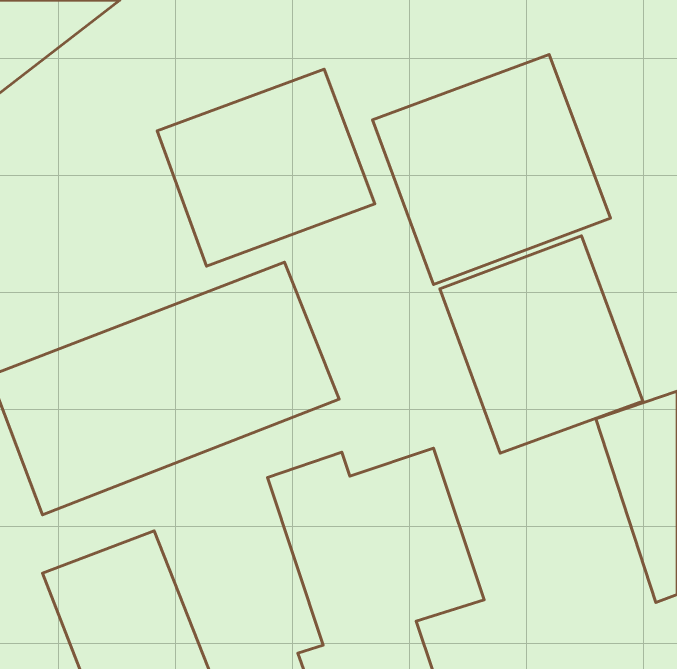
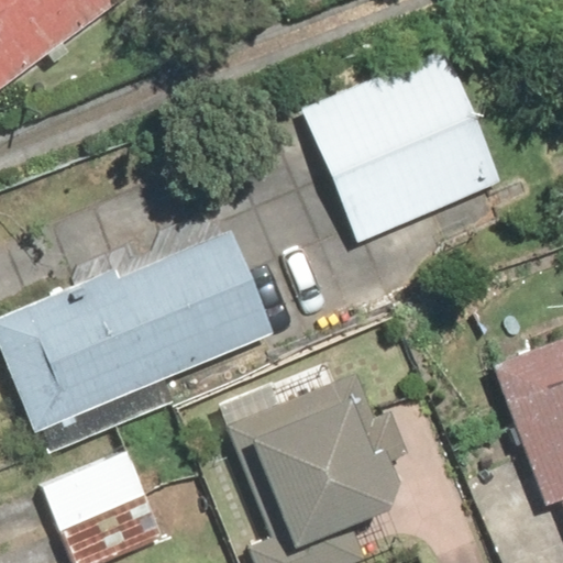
building: [157,69,375,266] -> none
building: [440,236,643,453] -> none

